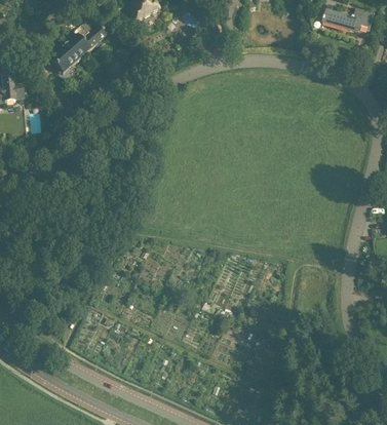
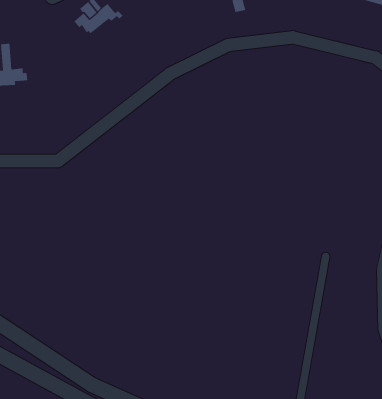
building: [49,43,83,74] -> none

